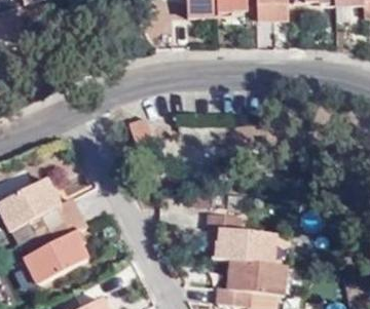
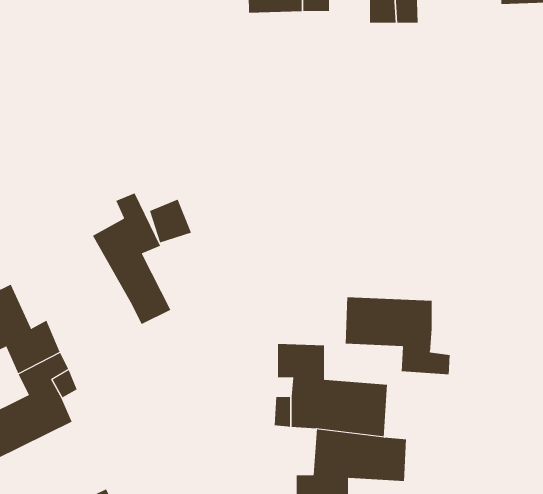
building: none -> [92,192,171,325]
building: none -> [345,297,450,375]

